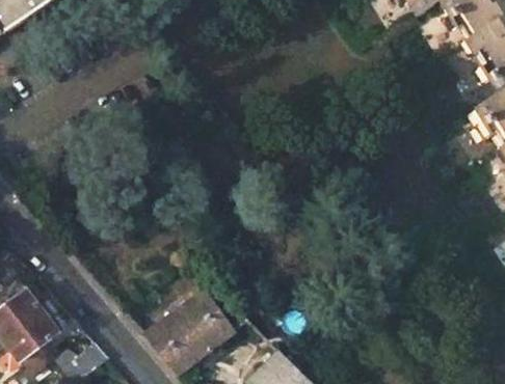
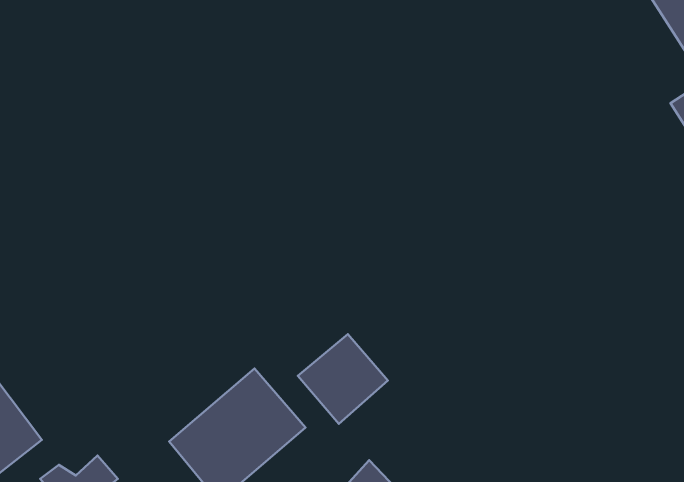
building: none -> [298,334,388,424]

